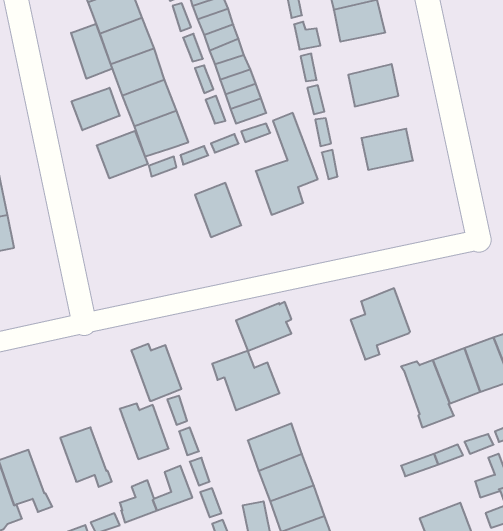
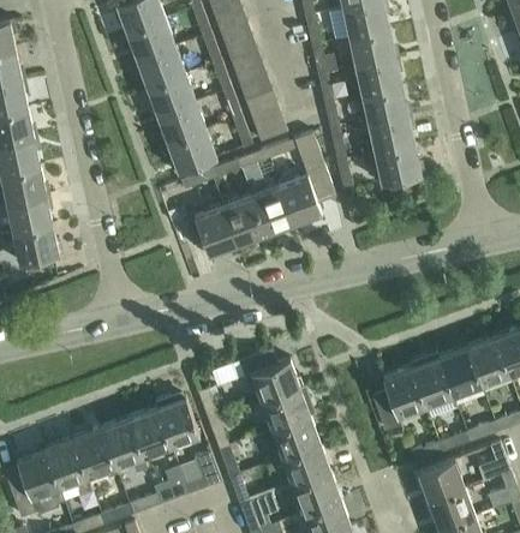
building: [71,24,112,79] -> none
building: none -> [354,59,401,97]
building: [72,88,120,130] -> none
building: none -> [367,116,414,155]
building: [97,131,148,178] -> none
building: none -> [250,185,292,234]
building: none -> [193,206,237,256]
building: [351,288,410,360] -> [372,366,426,431]
building: [236,302,291,351] -> [259,385,310,430]
building: [131,344,181,401] -> [125,406,171,457]
building: none -> [71,427,118,478]
building: none -> [417,459,464,501]

